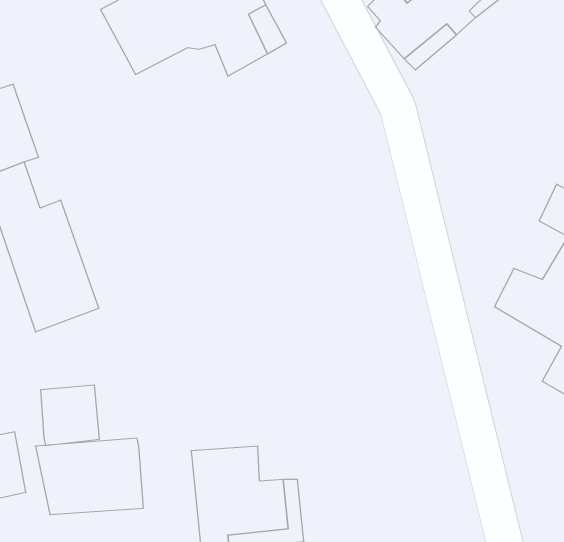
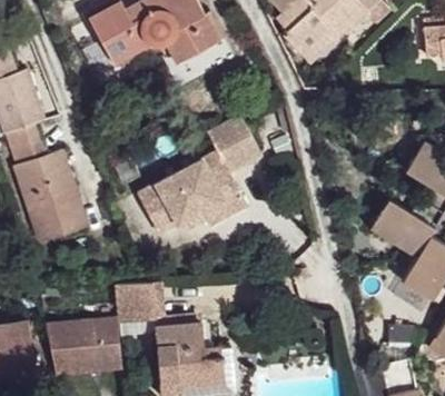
building: none -> [137,117,263,235]
building: [41,385,99,445] -> [112,283,154,325]

